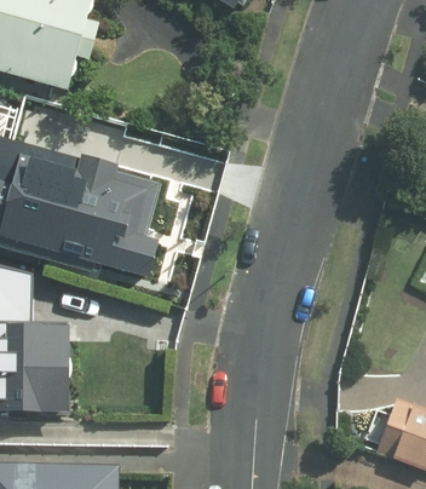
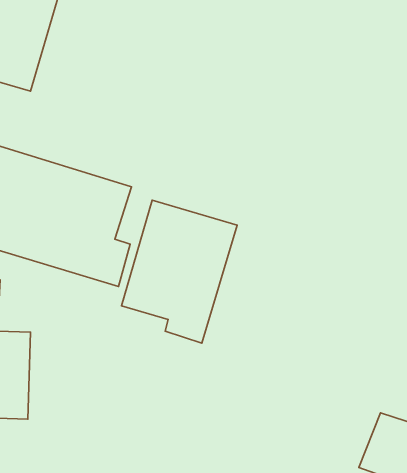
building: none -> [121,200,237,343]

